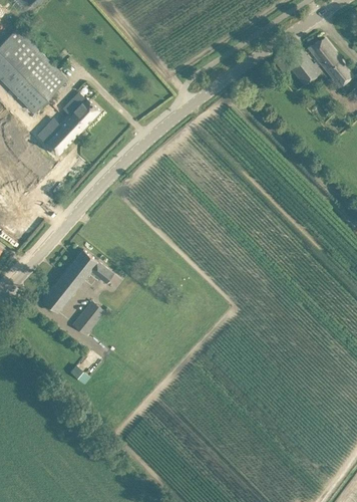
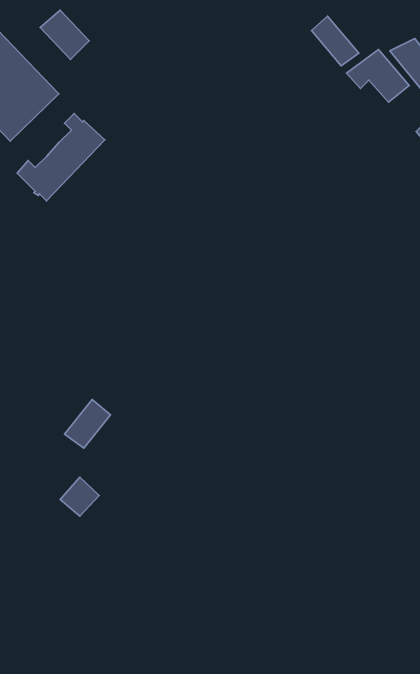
building: none -> [40,10,89,59]
building: none -> [311,16,359,66]
building: [41,251,112,313] -> none

